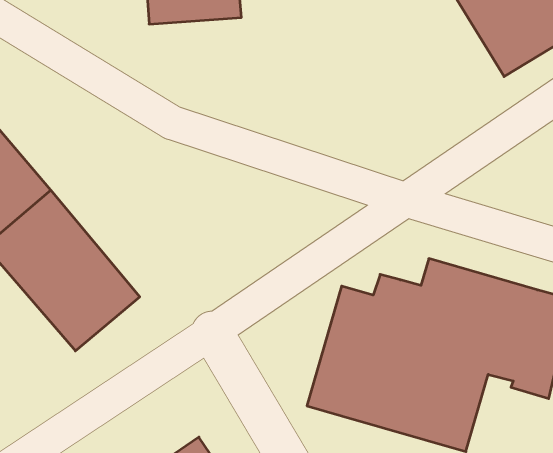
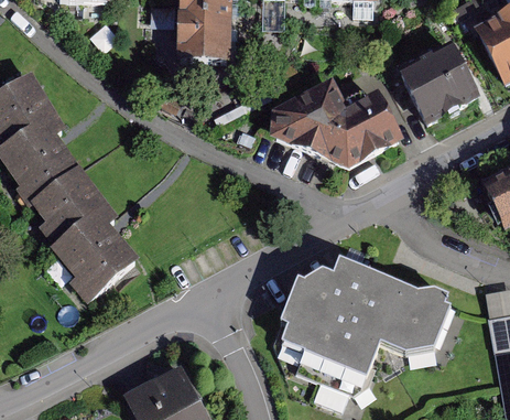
building: none -> [263,74,417,164]

